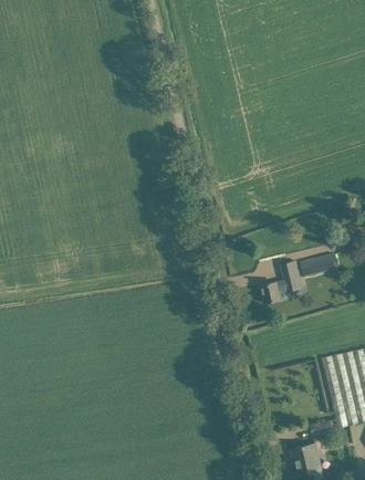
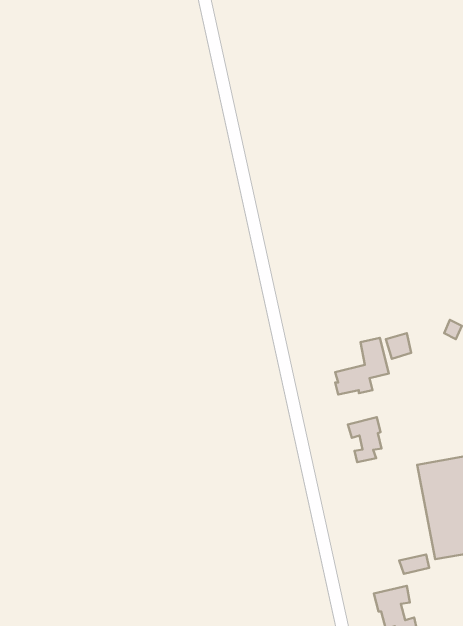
building: none -> [348,417,382,462]

